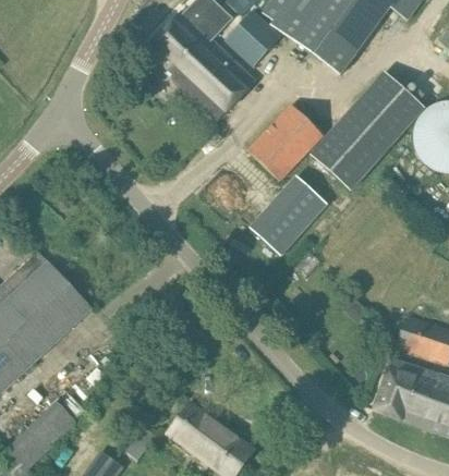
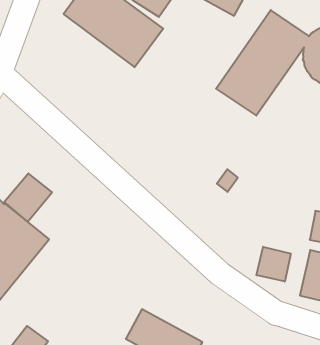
building: [248,103,323,182] -> none
building: [248,174,327,256] -> none
building: none -> [4,173,52,222]
building: none -> [256,247,291,282]

